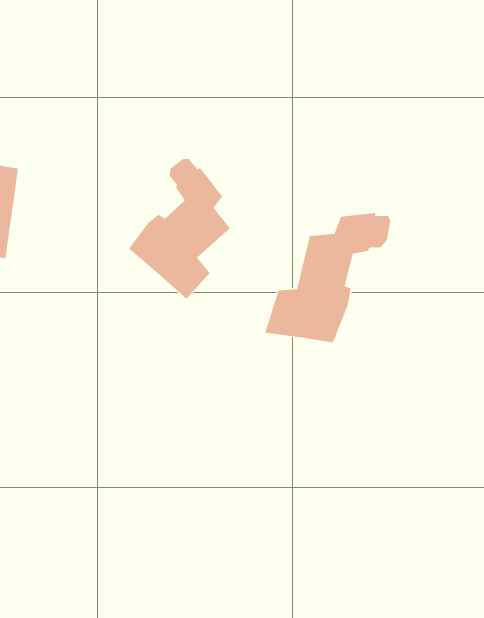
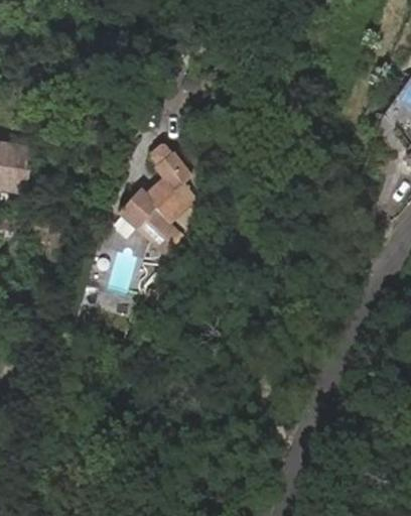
building: [264,212,391,343] -> none

